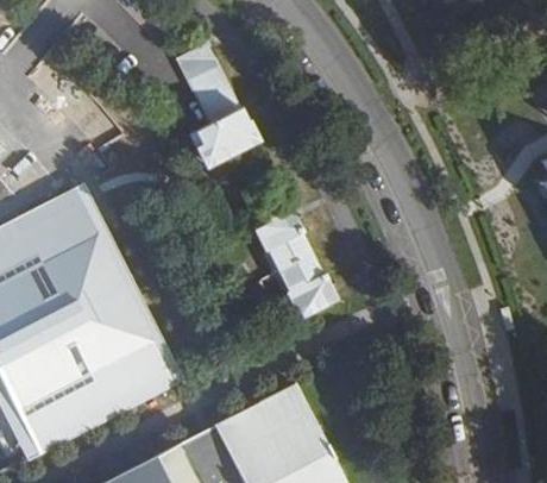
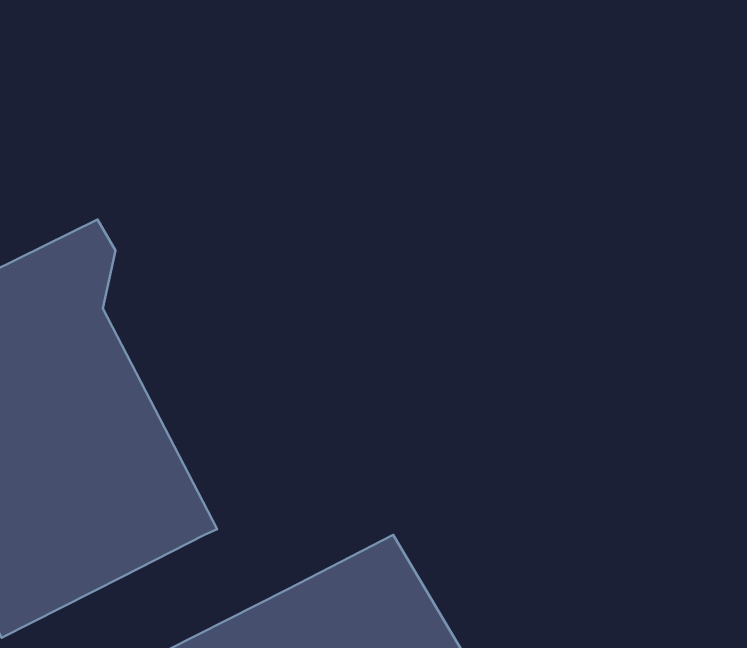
building: [180,43,259,167] -> none
building: [258,203,345,319] -> none

